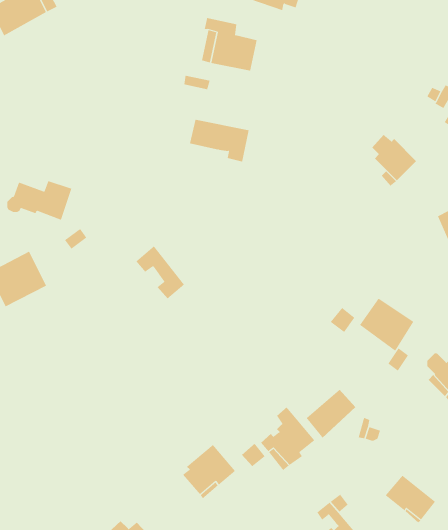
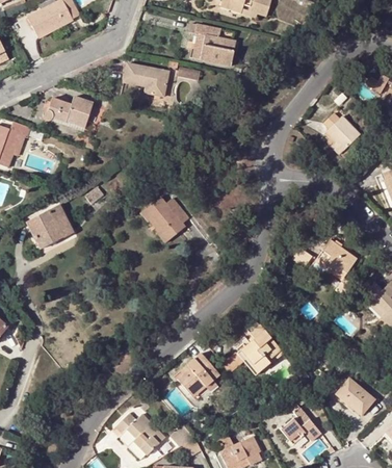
building: [189,119,250,162] -> [123,62,169,96]
building: [6,180,72,221] -> [43,96,94,127]
building: none -> [156,196,189,230]
building: [306,389,356,438] -> none

